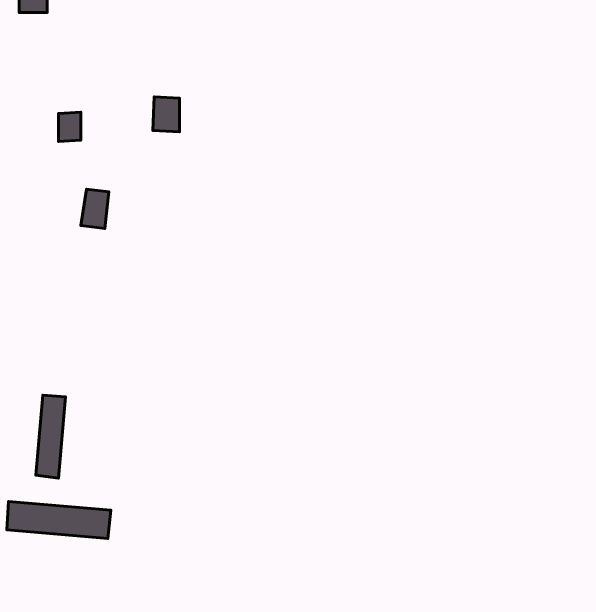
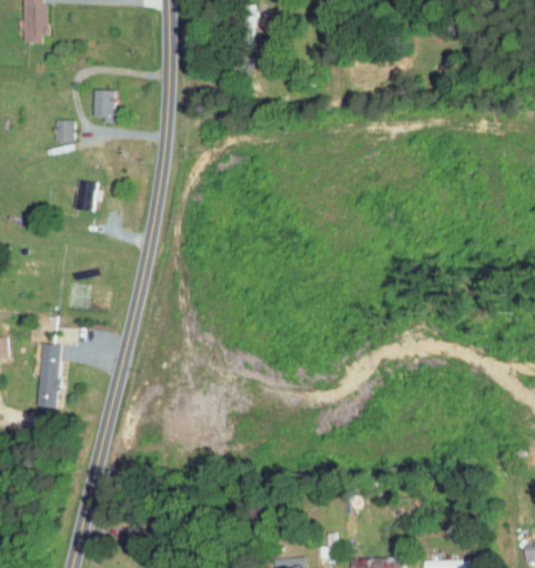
building: [153,97,180,132] -> [94,90,115,118]
building: [7,501,111,539] -> none

